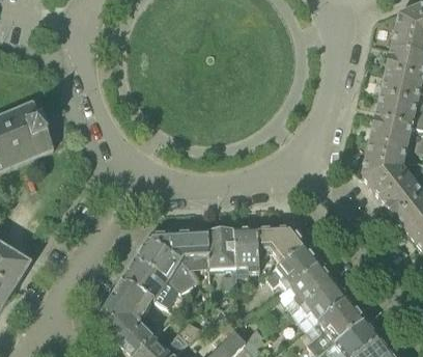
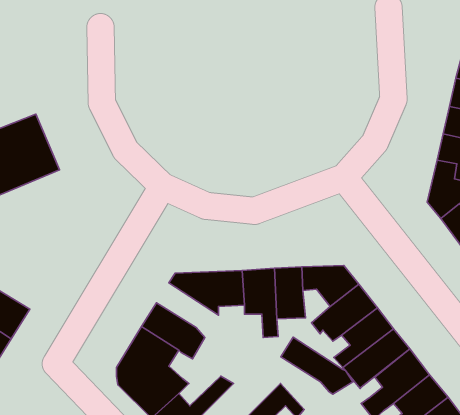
building: [135,242,195,290] -> [281,337,353,394]

